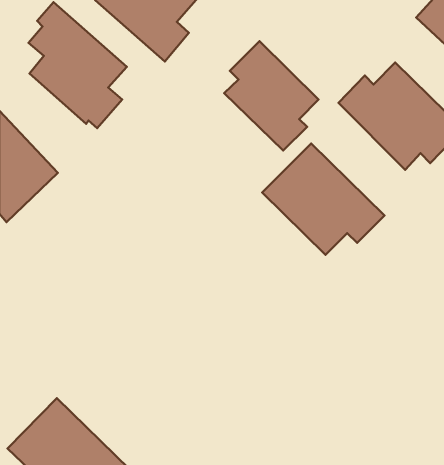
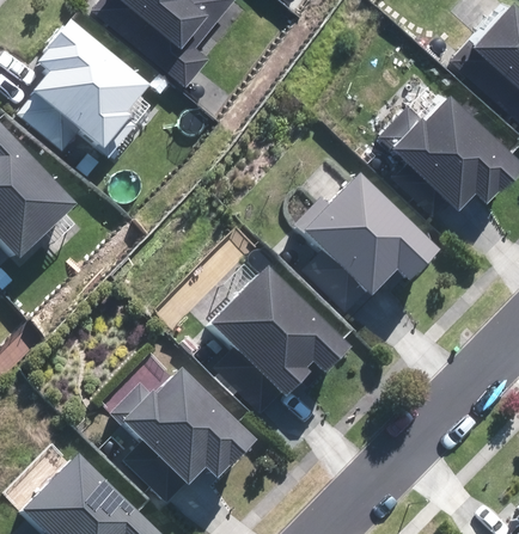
building: [224,41,318,150] -> none
building: none -> [208,270,344,399]
building: none -> [116,372,255,485]

